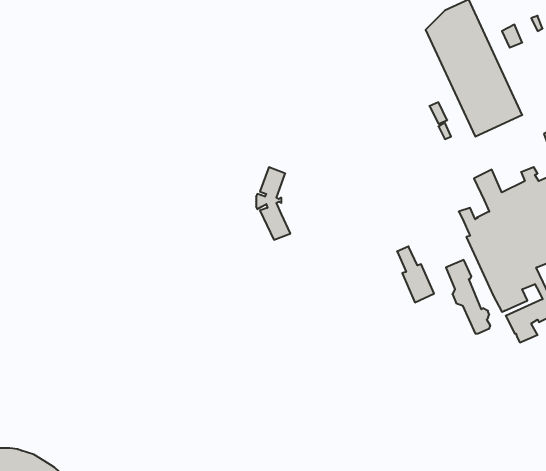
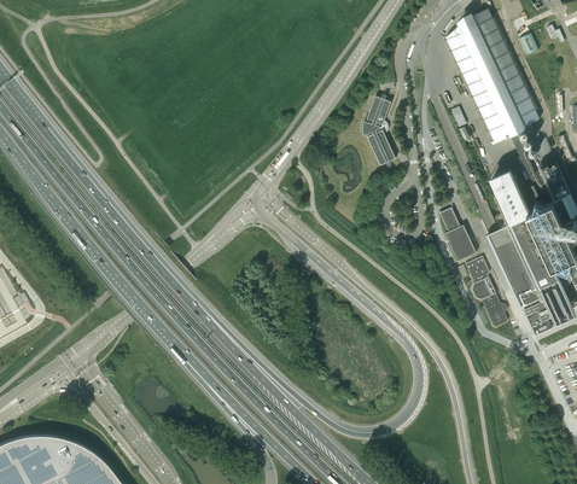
building: [256,167,290,240] -> [363,97,396,165]
building: [397,246,434,302] -> [441,209,476,262]

